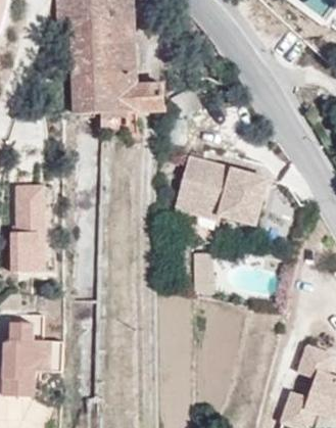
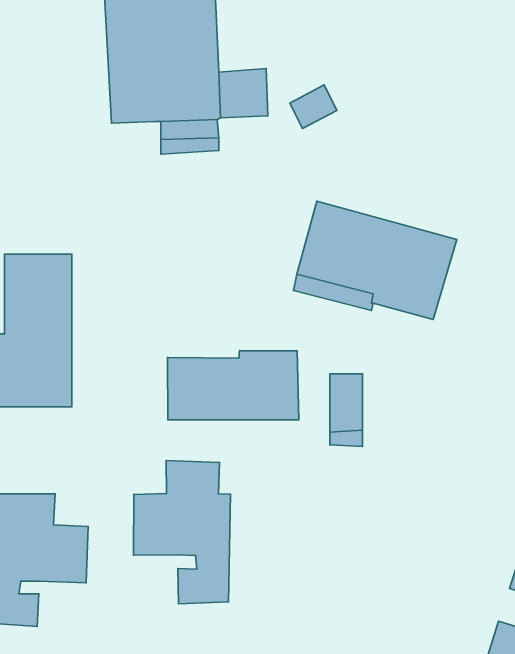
building: none -> [168,350,299,420]
building: none -> [133,460,230,604]

